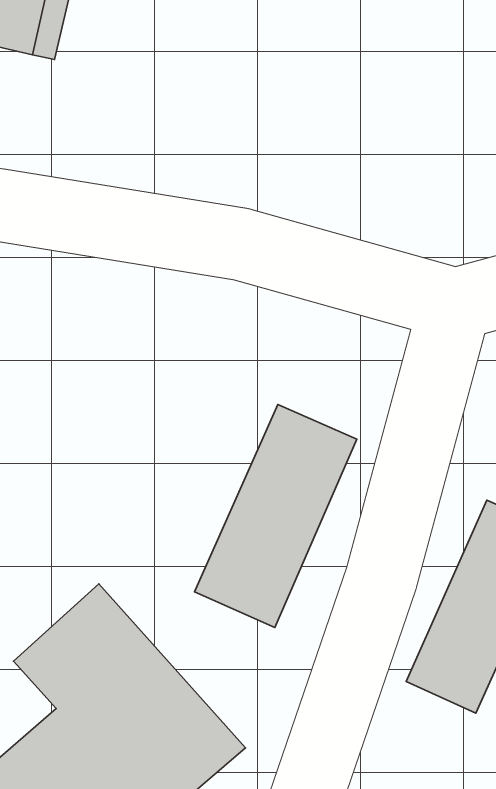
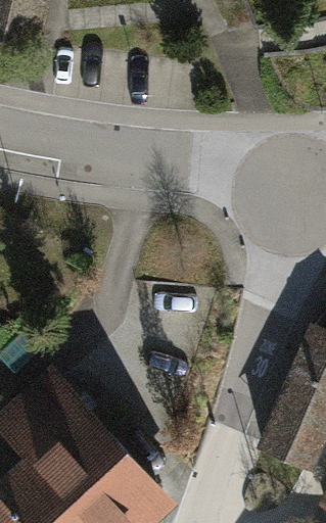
building: [195,405,357,628] -> none

